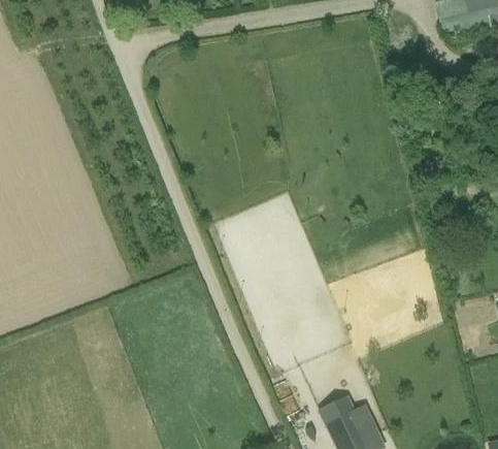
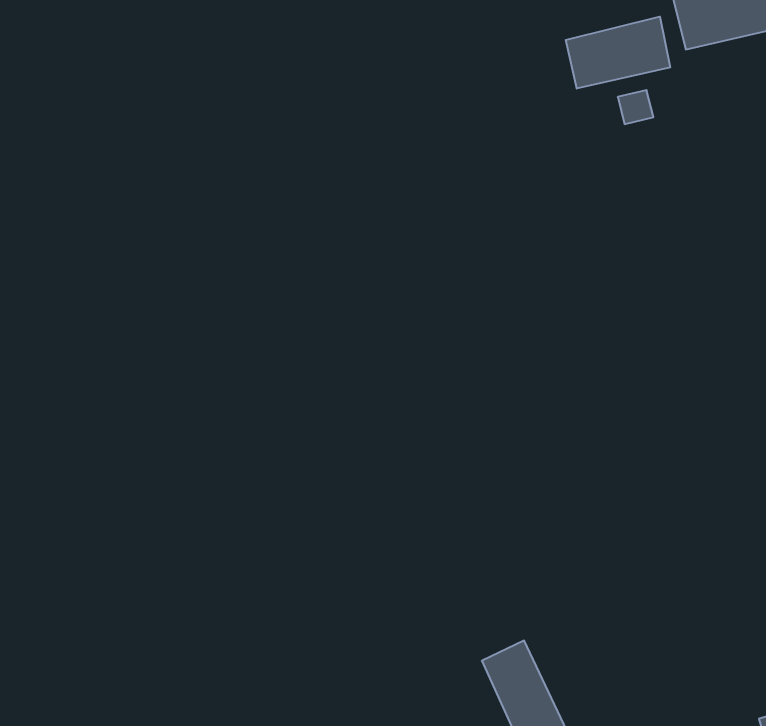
building: none -> [566,17,670,89]

